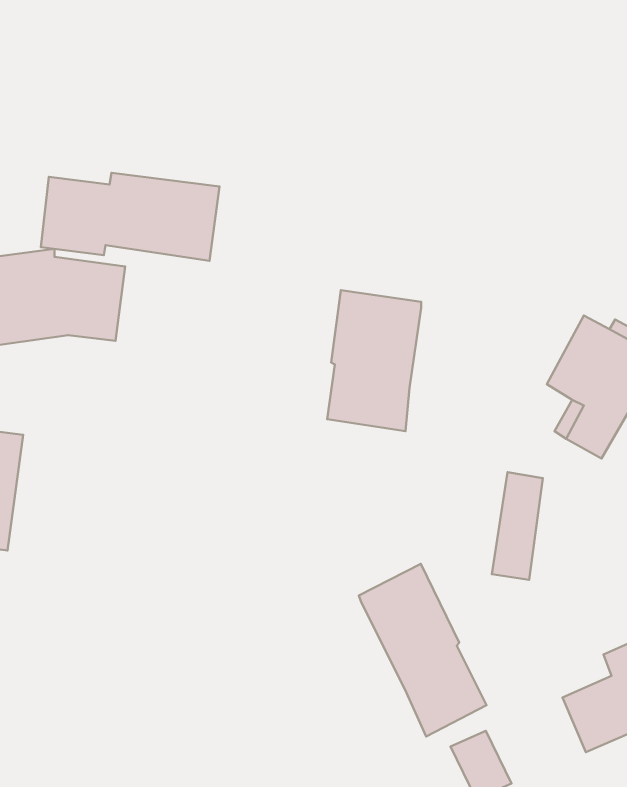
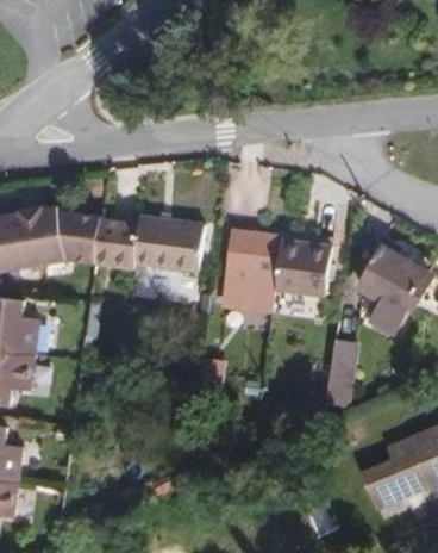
building: [41,173,219,261] -> [95,218,204,272]
building: none -> [274,241,331,297]
building: [359,564,486,737] -> none

